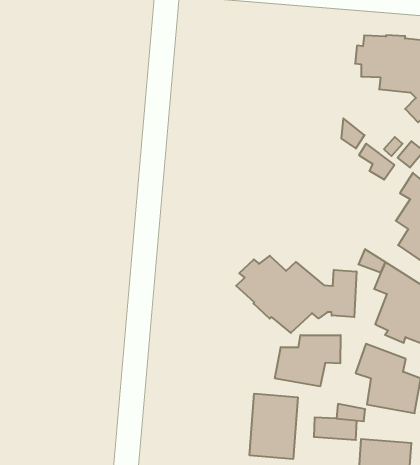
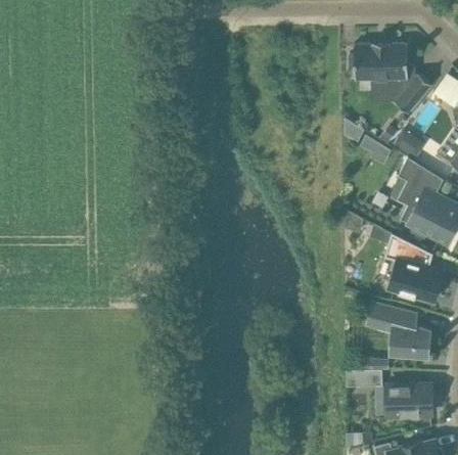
building: [236,256,356,333] -> none
building: [275,335,341,386] -> none
building: [250,394,298,459] -> none

